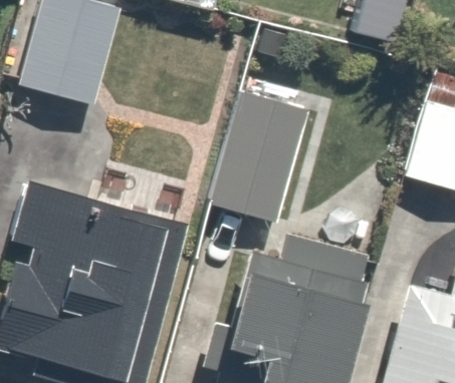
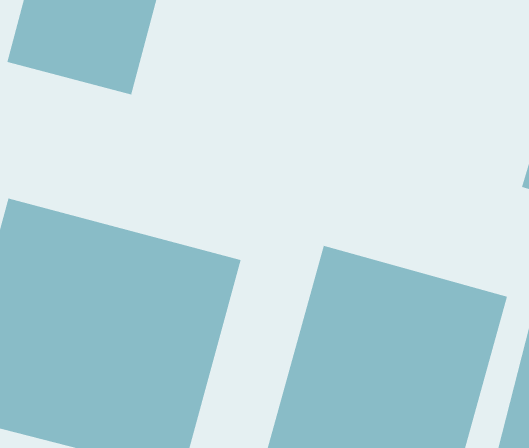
building: [204,82,318,224] -> none

